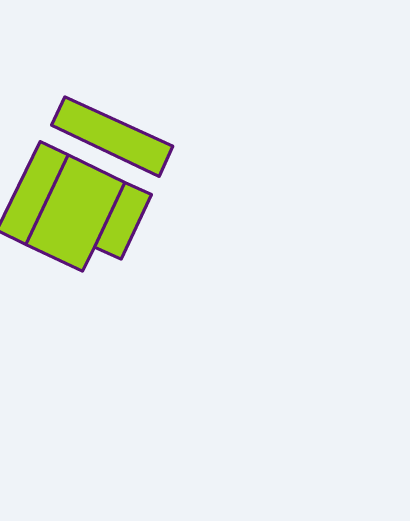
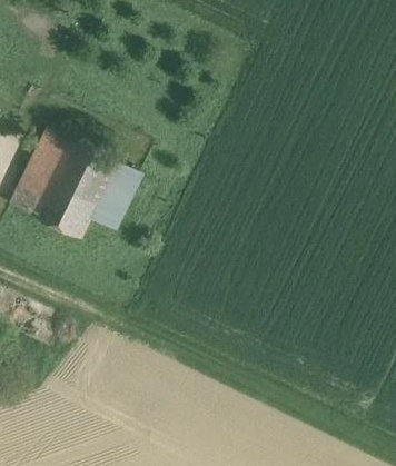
building: [51,97,173,177] -> none

